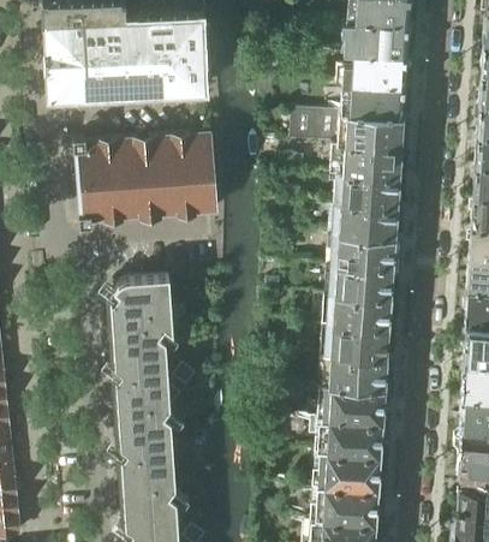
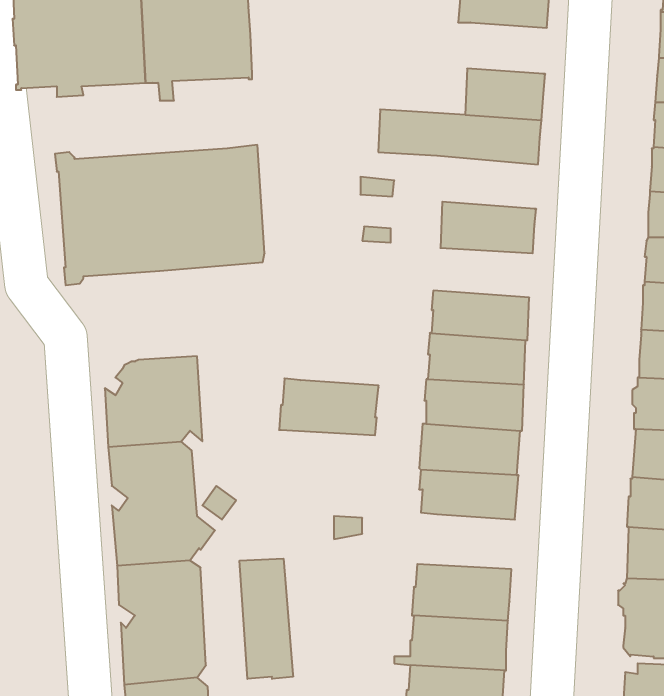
building: [352,53,406,88] -> none
building: [330,143,400,179] -> none
building: [329,206,396,239] -> none
building: [317,385,384,423] -> [279,378,379,435]
building: none -> [240,559,293,679]

